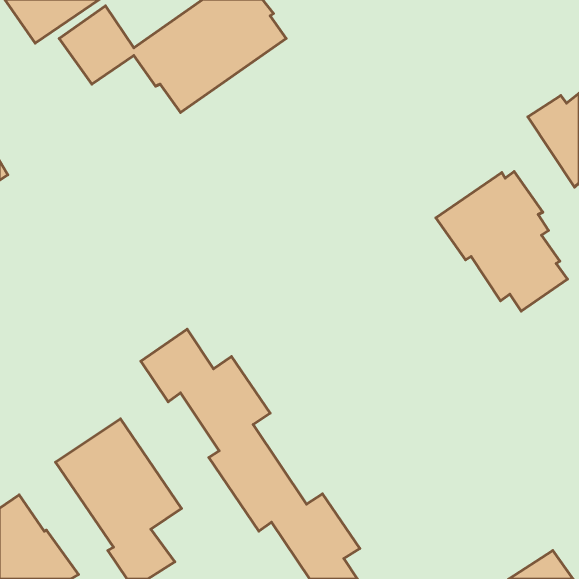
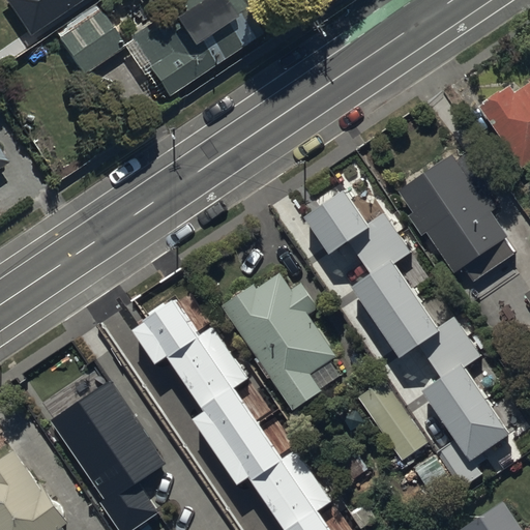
building: none -> [301,188,506,457]
building: none -> [224,273,343,414]
building: none -> [357,378,429,460]

